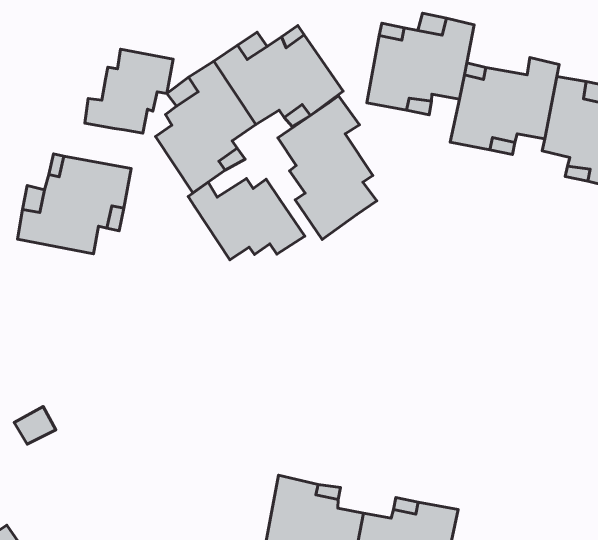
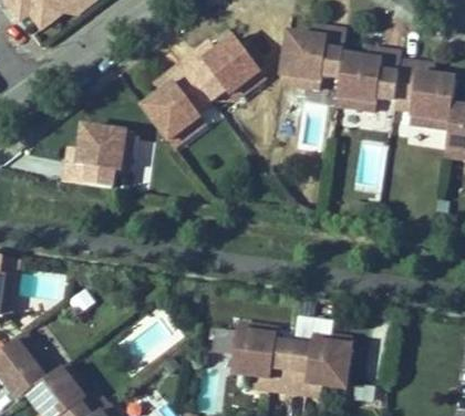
building: [85,49,173,133] -> none
building: [278,96,377,240] -> none
building: [188,178,305,260] -> none

